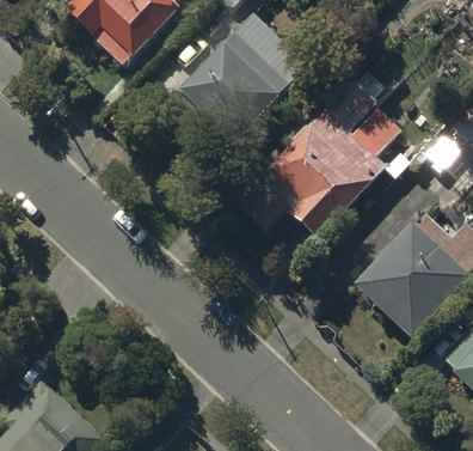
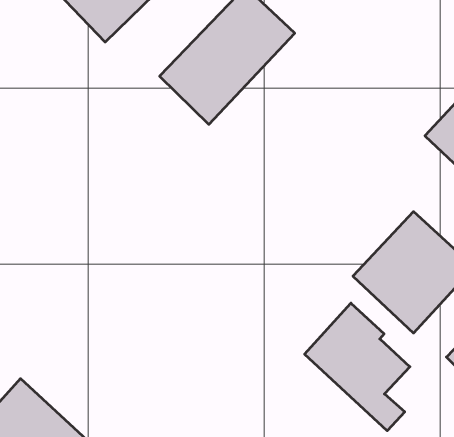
building: [263,81,403,228] -> none
building: none -> [305,303,410,431]

